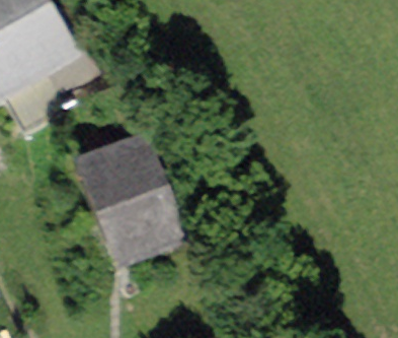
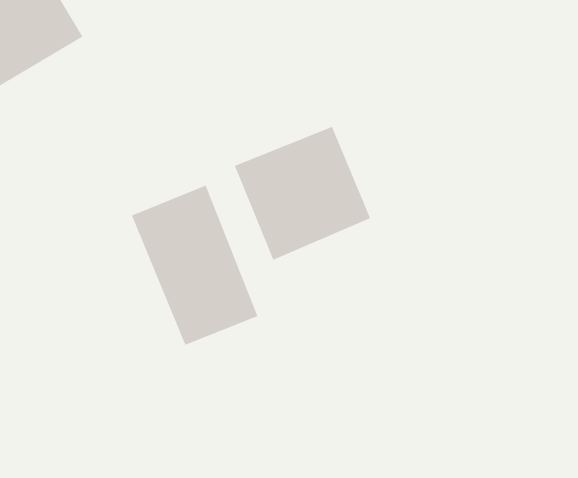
building: none -> [234,126,371,261]

